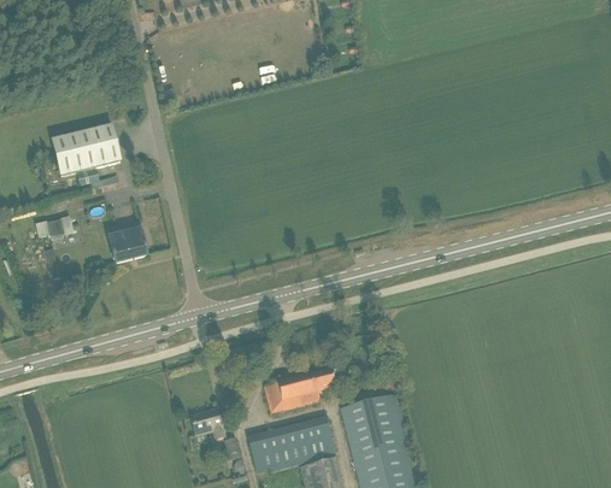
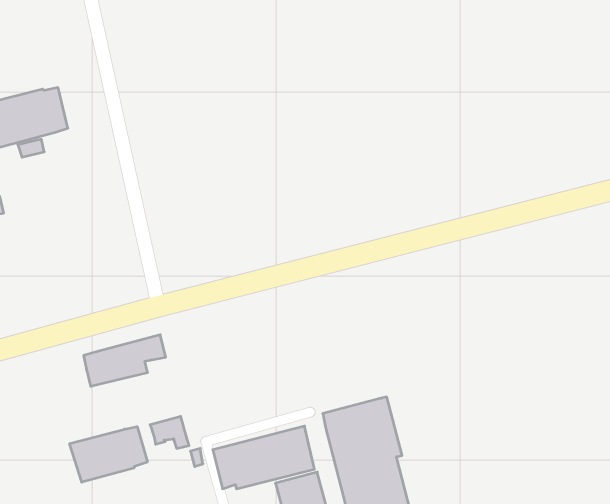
building: [108,222,146,261] -> none
building: [264,366,335,411] -> [84,335,166,386]
building: none -> [70,427,147,482]

